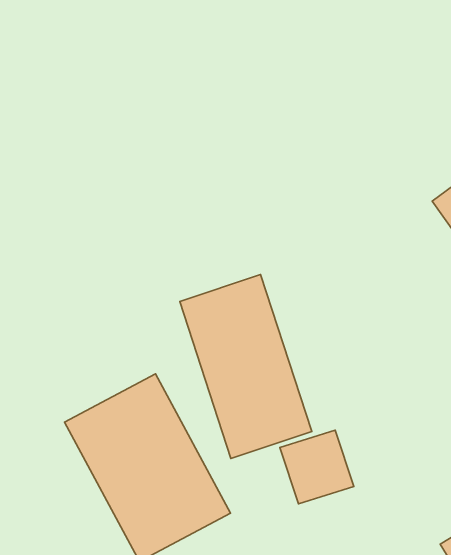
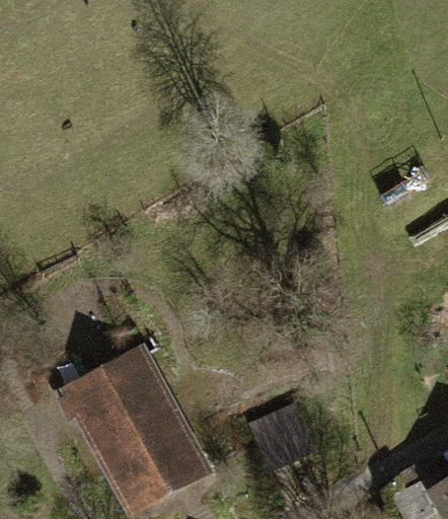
building: [180,275,312,458] -> none

